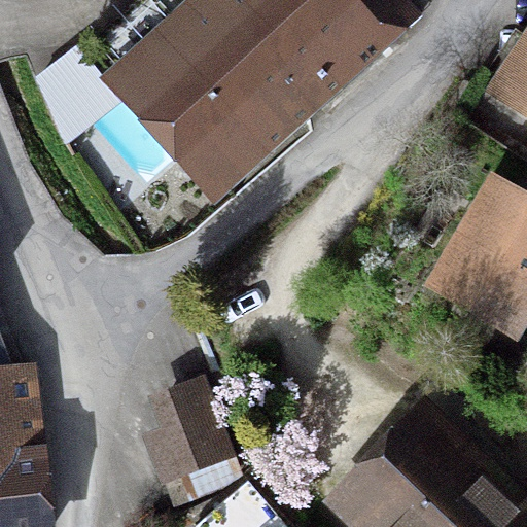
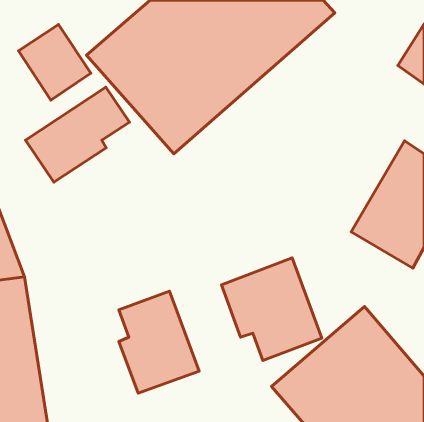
building: none -> [25,87,129,182]
building: none -> [221,258,322,361]

